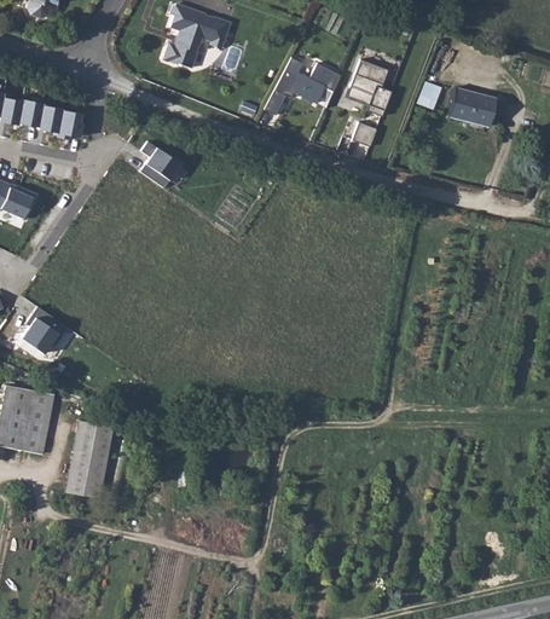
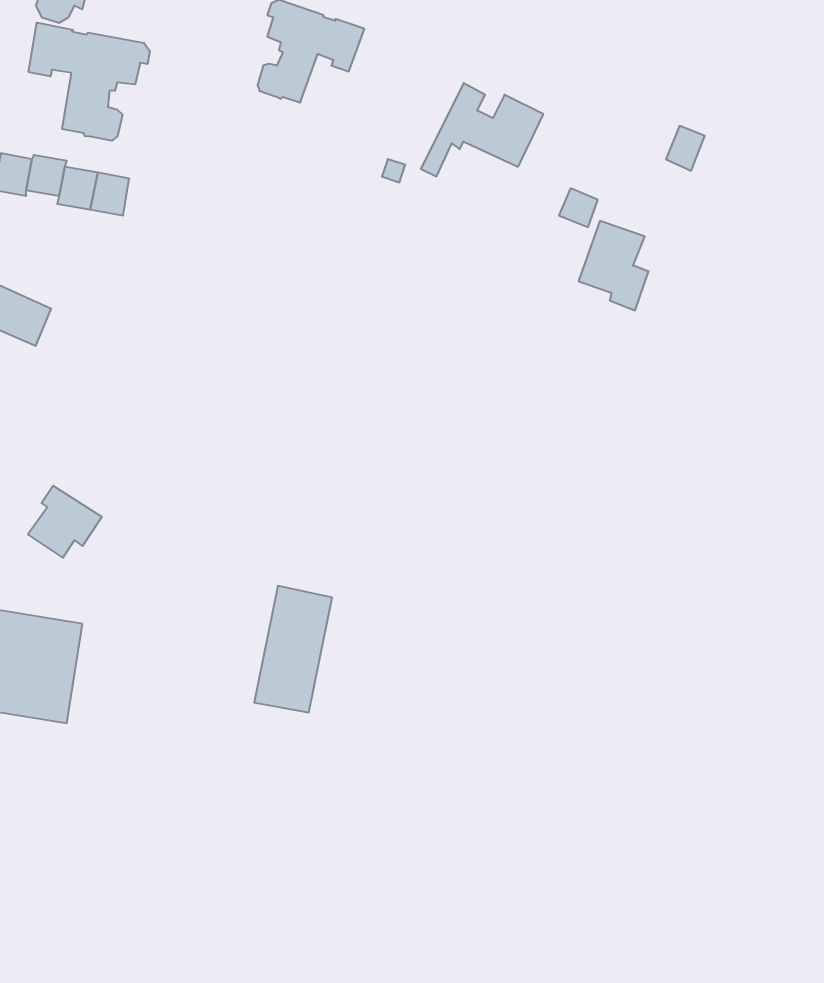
building: none -> [29,23,150,141]
building: [347,60,390,116] -> [579,221,649,310]
building: [447,89,496,127] -> none
building: [139,141,172,187] -> none
building: [64,417,112,496] -> [254,586,332,712]

